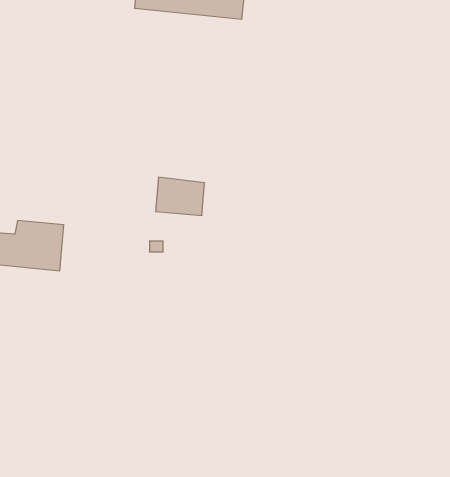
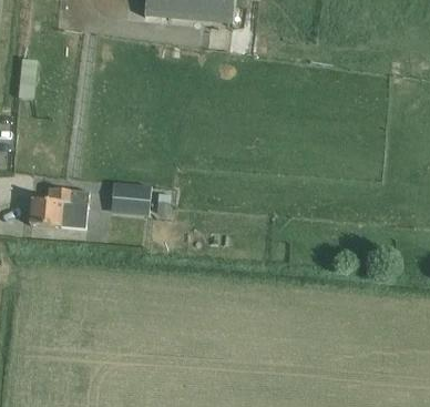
building: [156,177,205,215] -> [110,183,150,214]

